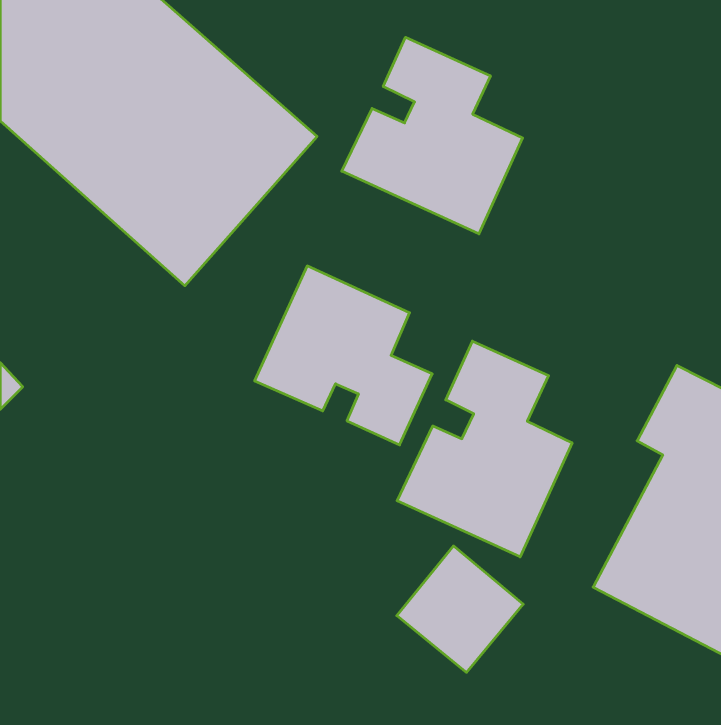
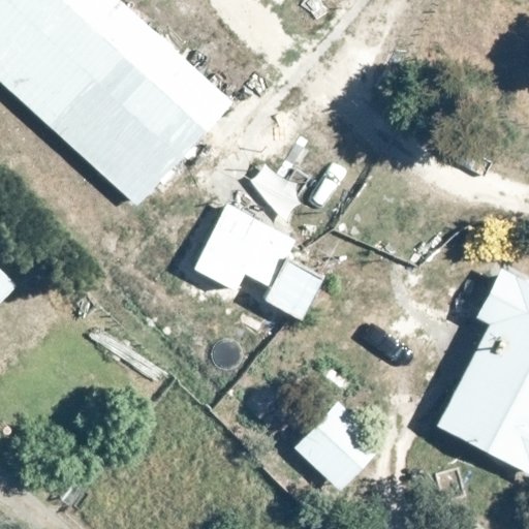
building: [342,37,523,234] -> none
building: [397,341,572,557] -> none

